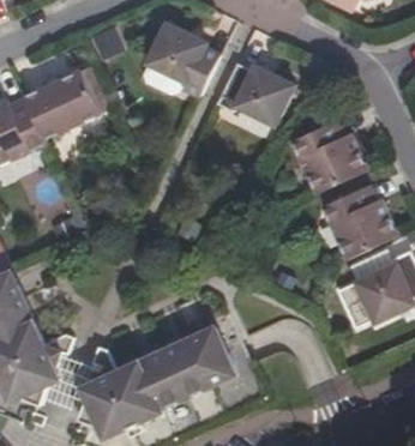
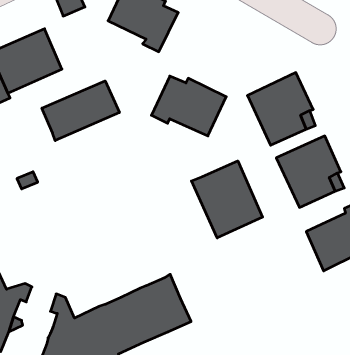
building: [216,62,294,125] -> [151,76,226,136]
building: none -> [42,81,119,141]
building: none -> [191,161,263,238]

